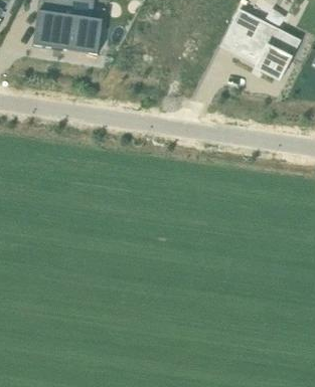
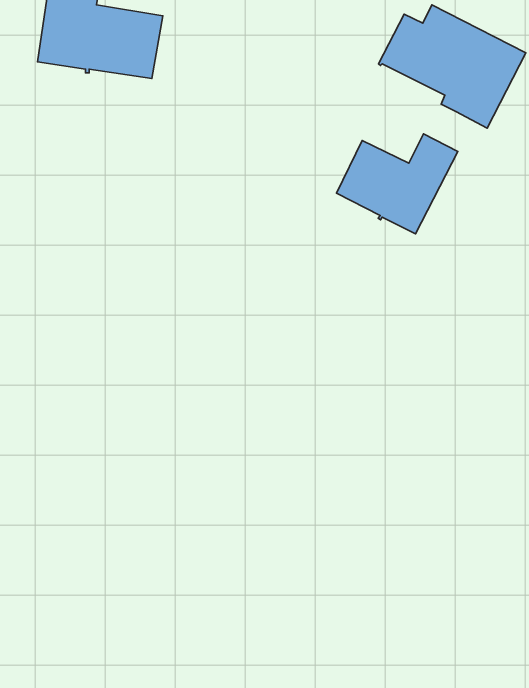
building: none -> [337,134,458,234]

